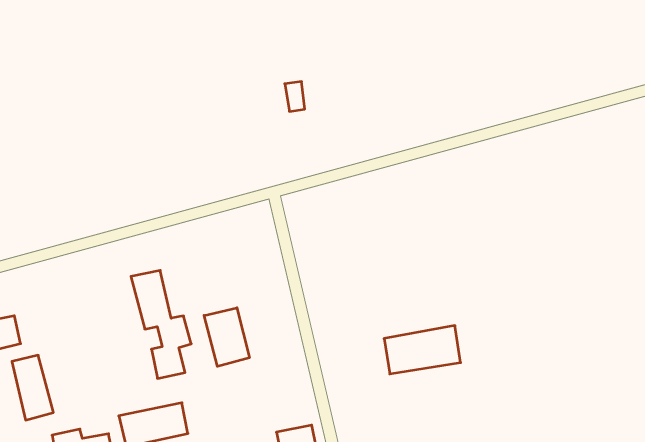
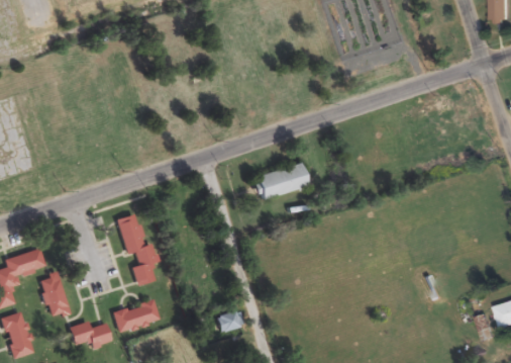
building: [204,308,249,366] -> none
building: [384,326,461,374] -> [257,163,308,197]

